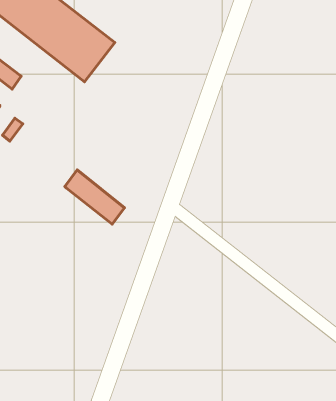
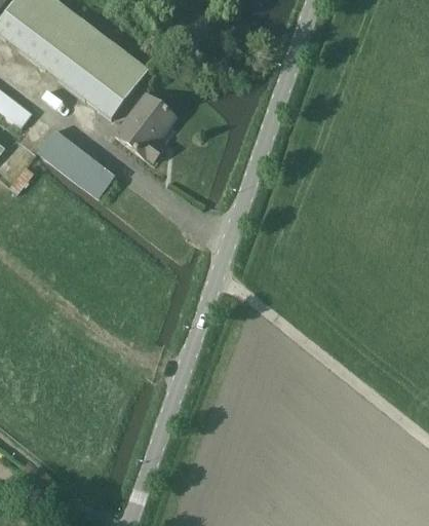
building: none -> [113,95,173,161]
building: [65,170,125,224] -> [37,129,112,197]

